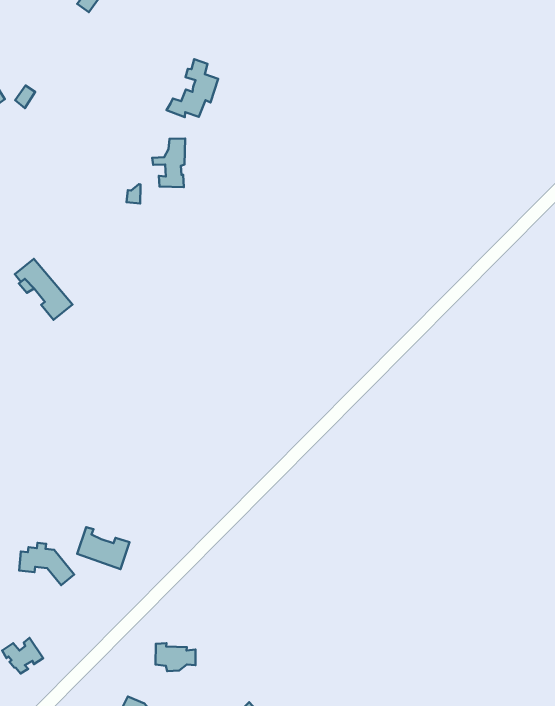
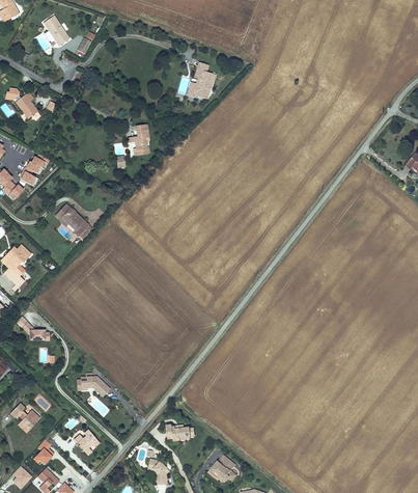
building: [166,59,218,117] -> [188,61,217,97]
building: [77,527,130,569] -> none

